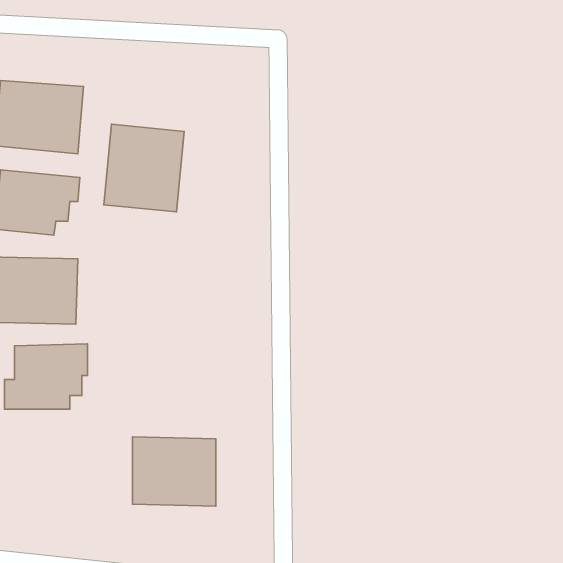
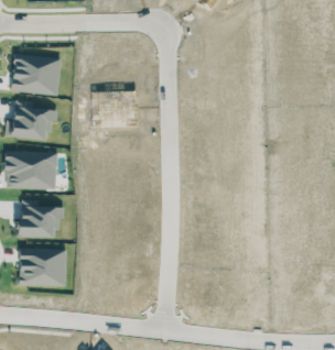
building: [104,124,184,212] -> none
building: [133,437,216,506] -> [20,248,66,286]

